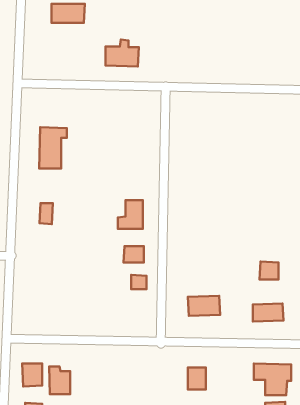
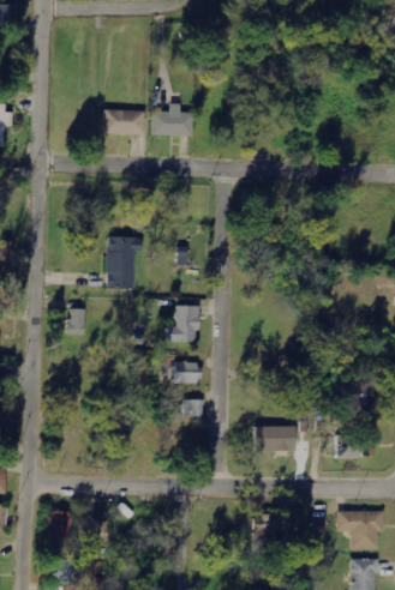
building: [51,4,85,23] -> [102,110,144,134]
building: [39,127,67,168] -> [106,236,140,288]

